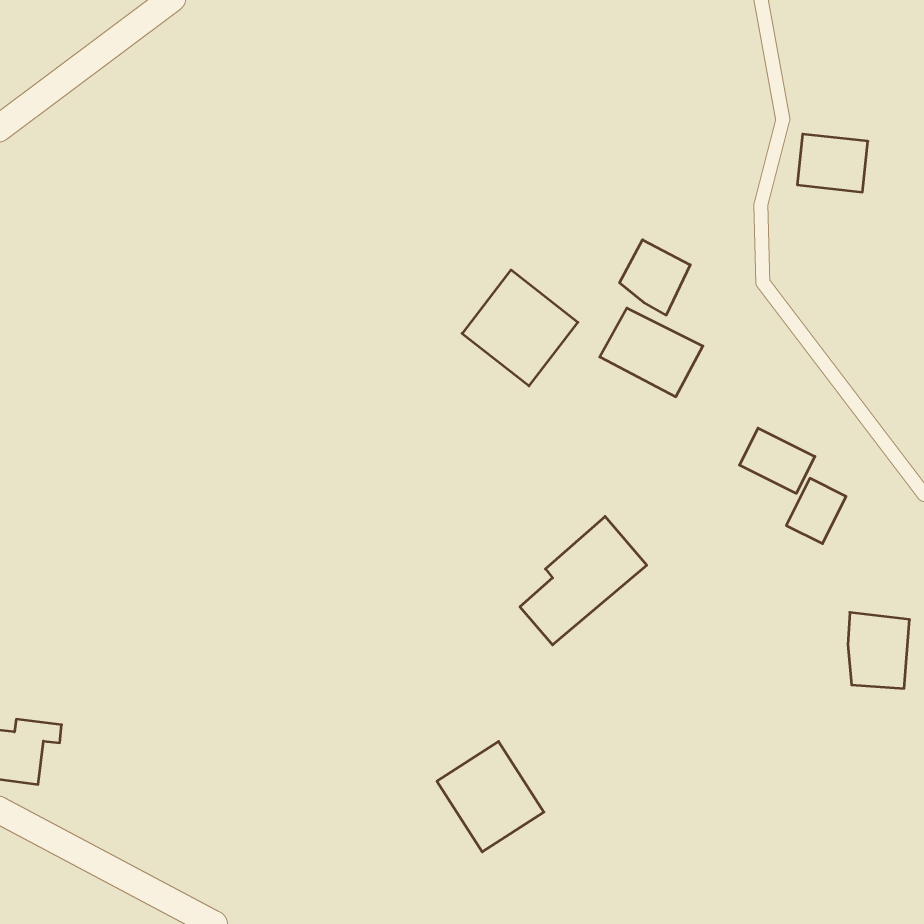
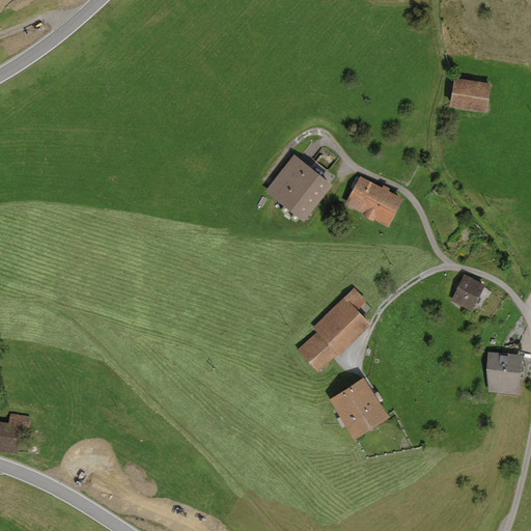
building: [620,240,690,315] -> none
building: [739,428,815,493] -> none
building: [437,741,544,852] -> [328,376,389,440]

